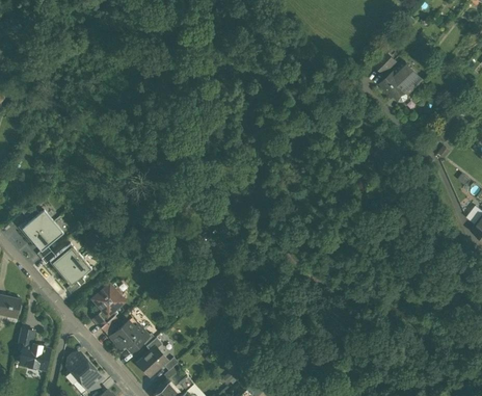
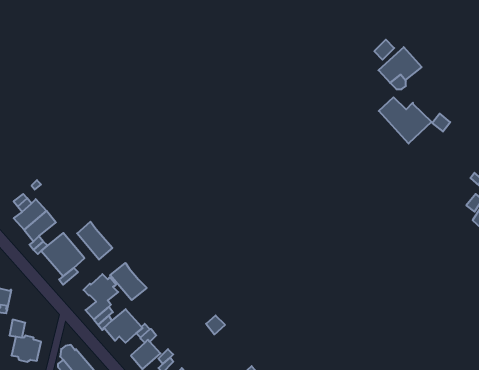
building: none -> [379,97,432,144]
building: none -> [77,222,112,260]
building: none -> [110,263,147,300]

